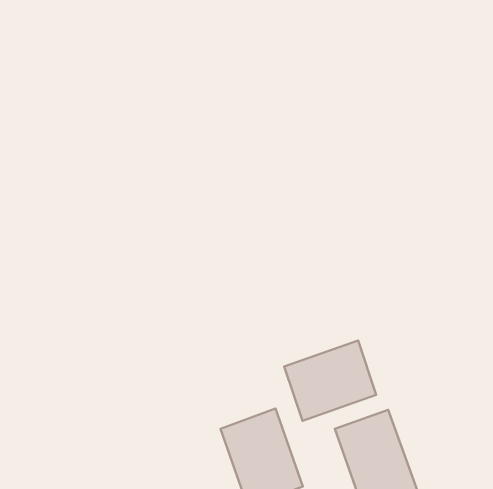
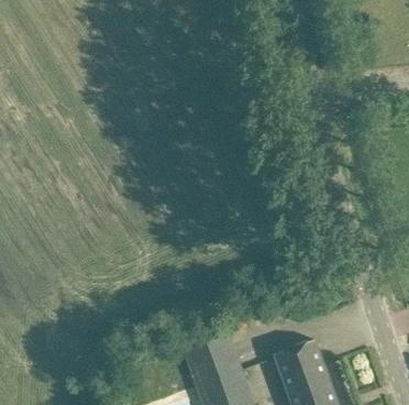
building: [284,341,376,421] -> none

